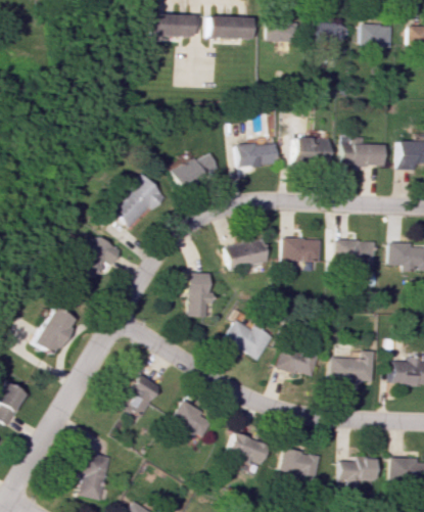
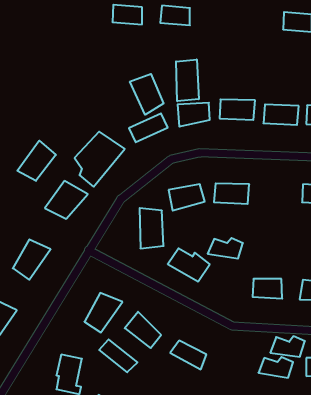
building: [266,21,301,46] -> none
building: [315,24,350,48] -> none
building: none -> [176,59,199,101]
building: none -> [130,74,164,115]
building: none -> [17,141,56,181]
building: [334,238,378,264] -> none
building: [274,347,318,373] -> [208,238,243,259]
building: none -> [99,339,137,372]
building: [279,449,322,474] -> [270,336,305,357]

